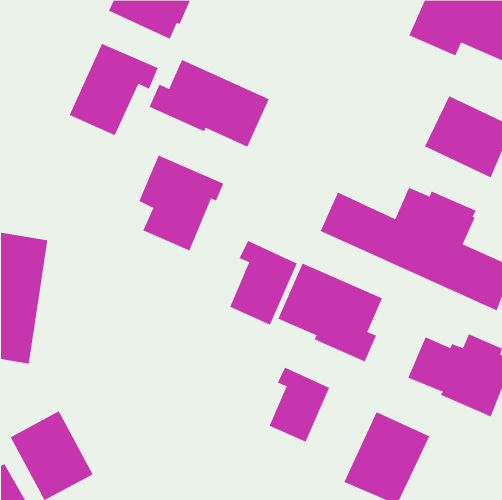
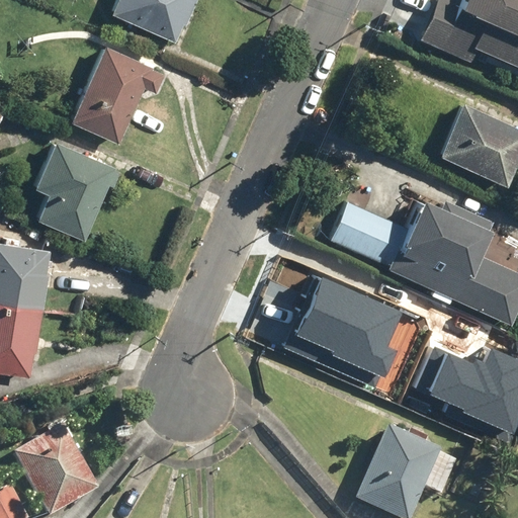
building: [149,59,269,147] -> none
building: [139,155,224,251] -> [33,142,121,241]
building: [229,240,298,325] -> none
building: [269,367,330,442] -> none

